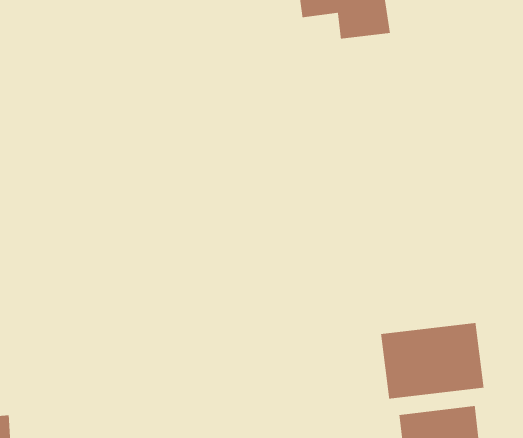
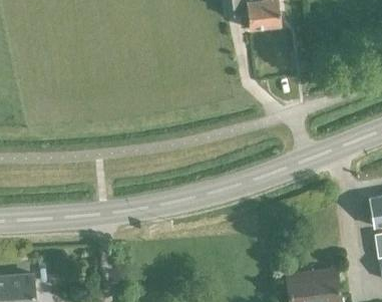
building: [380,322,485,400] -> none

